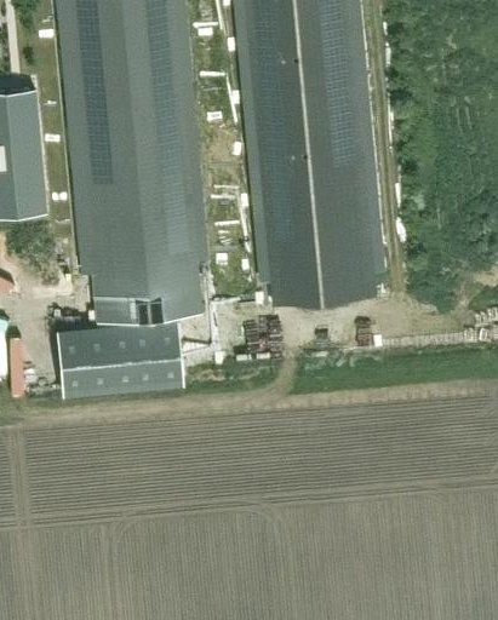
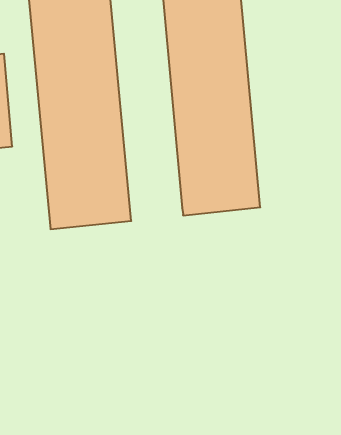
building: [57,320,183,398] -> none

